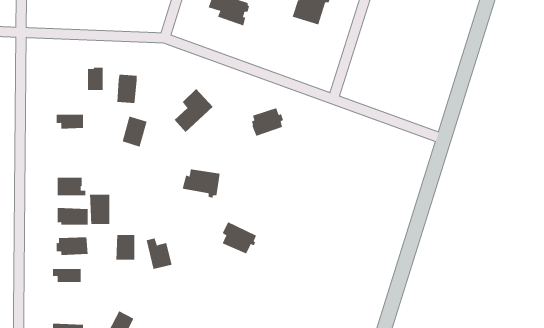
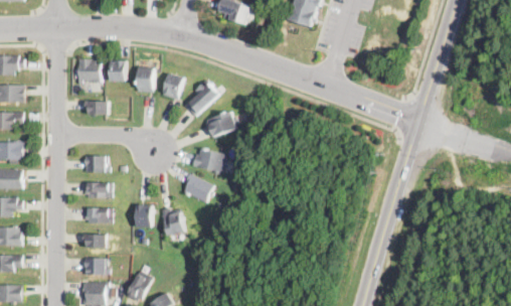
building: none -> [76,59,99,84]
building: [251,107,284,137] -> [209,112,237,137]
building: [122,116,148,147] -> [161,72,183,100]
building: [90,194,110,225] -> none
building: [222,221,257,254] -> [184,174,214,202]
building: none -> [81,258,109,275]

